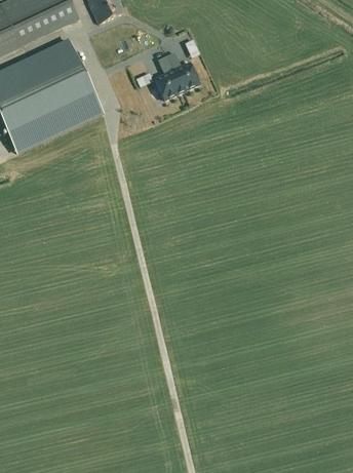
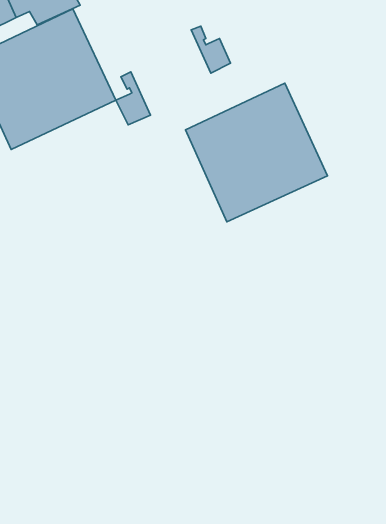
building: [154,54,183,98] -> [116,72,150,125]
building: none -> [185,83,328,222]

